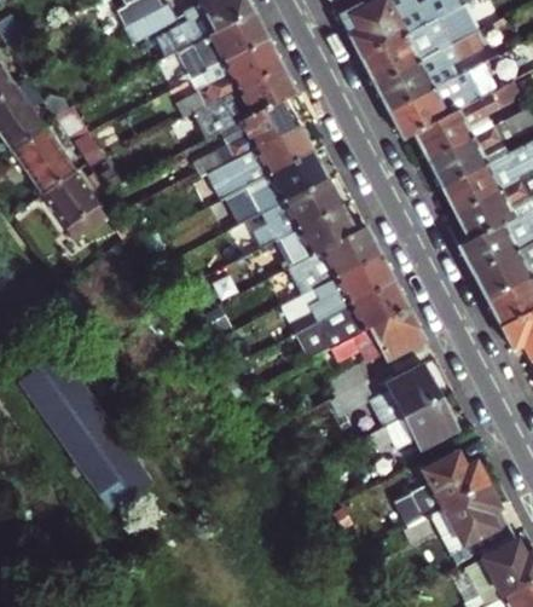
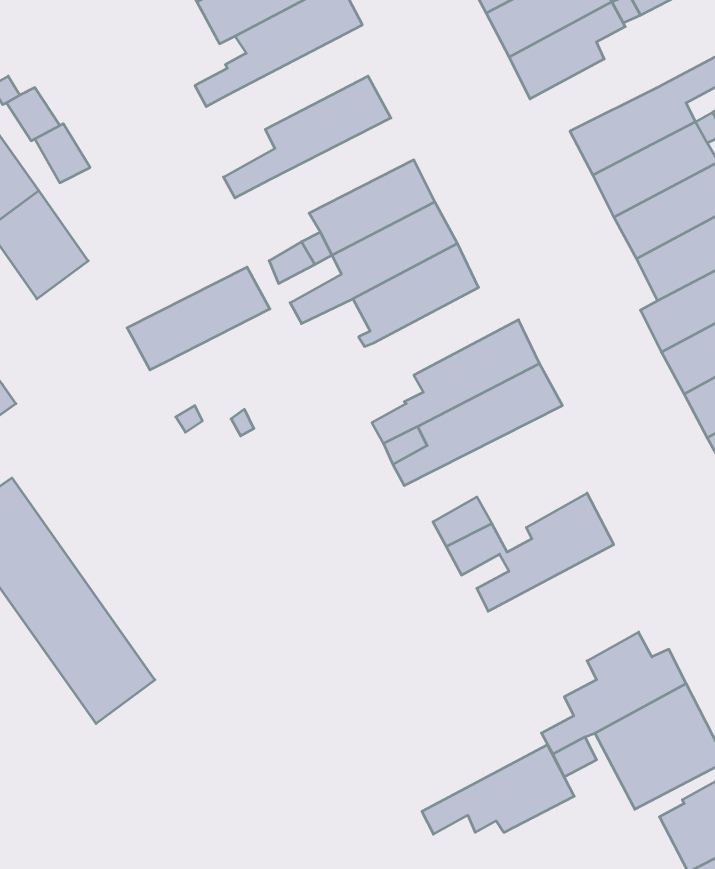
building: [388,58,496,138] -> none
building: [196,64,296,135] -> none
building: [224,123,314,189] -> [127,267,270,370]
building: [289,225,381,293] -> none
building: [308,306,427,374] -> none
building: [361,394,458,451] -> [422,745,574,834]

